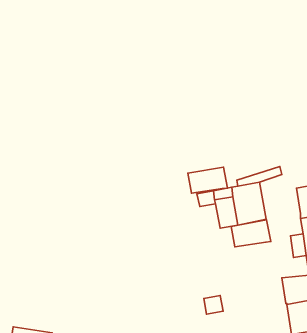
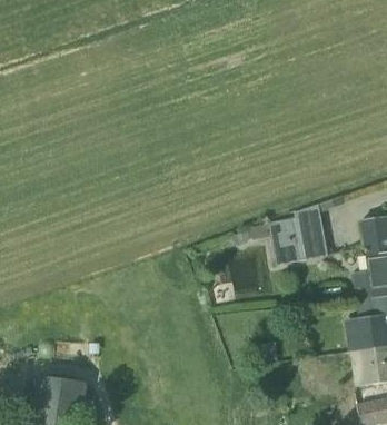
building: [188,167,227,193] -> none
building: [231,220,271,247] -> none

